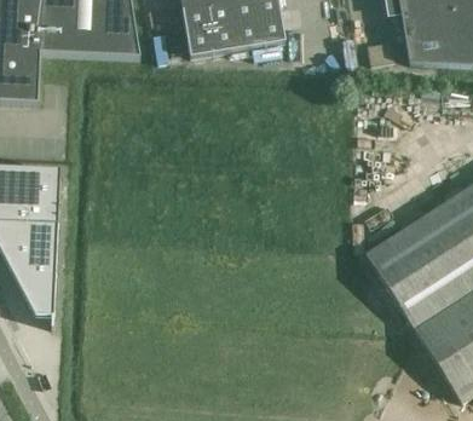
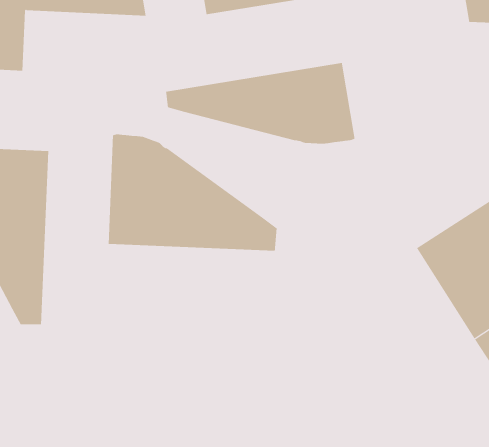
building: none -> [166,62,355,145]
building: none -> [108,134,277,251]

